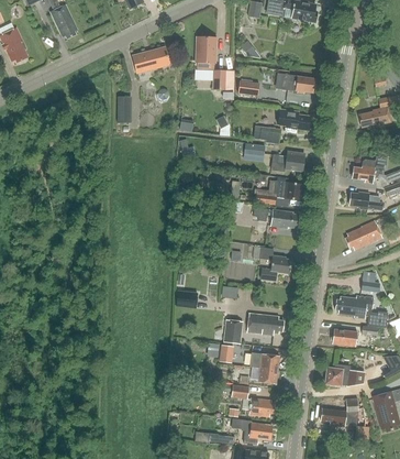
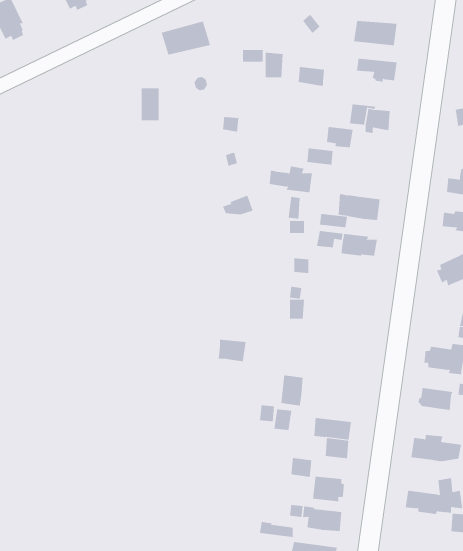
building: [196,35,216,62] -> none
building: none -> [353,20,397,46]
building: [270,150,304,171] -> [269,166,313,193]
building: [255,245,290,280] -> none
building: [246,313,282,334] -> none

